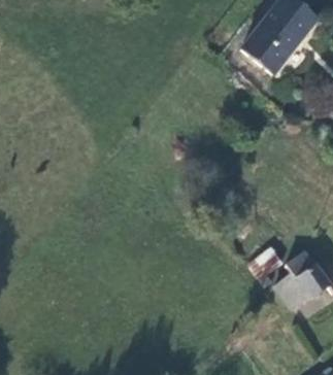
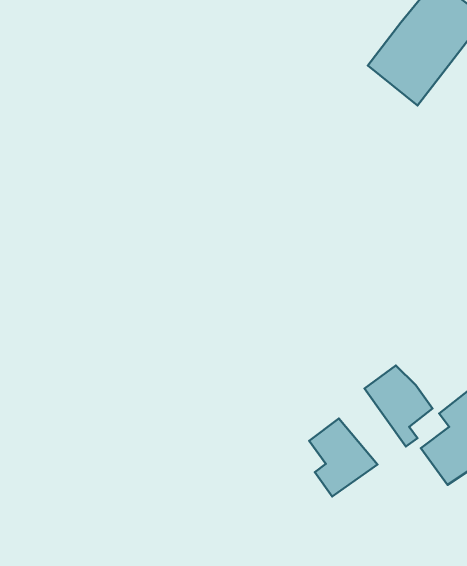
building: none -> [309,418,378,497]

